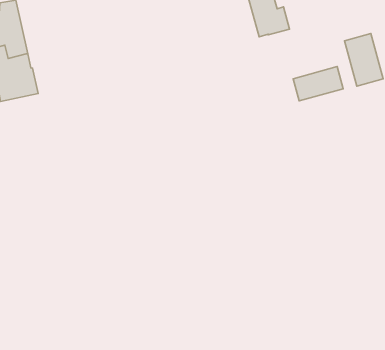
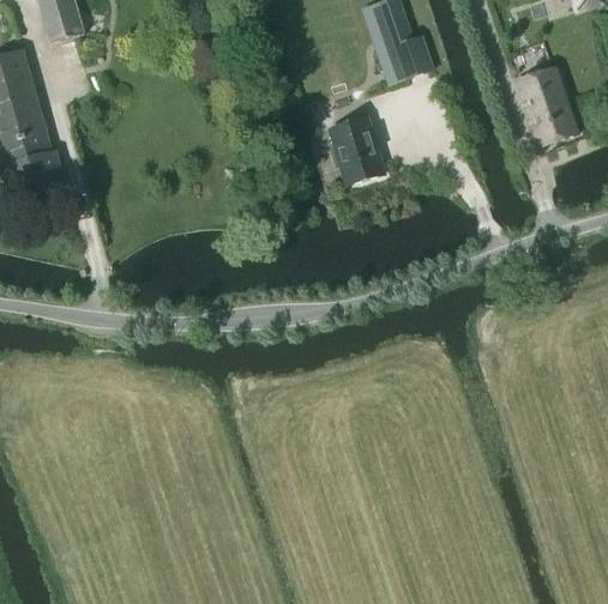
building: none -> [330,116,384,183]
building: [293,67,343,101] -> none

